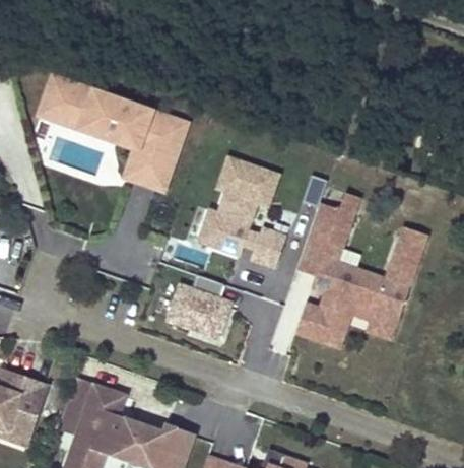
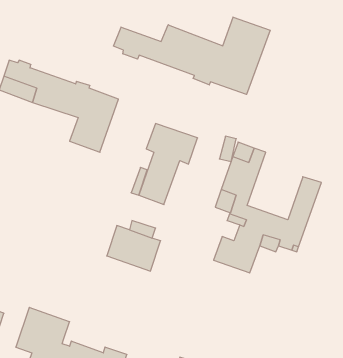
building: none -> [113,17,270,94]
building: [250,228,285,269] -> none

